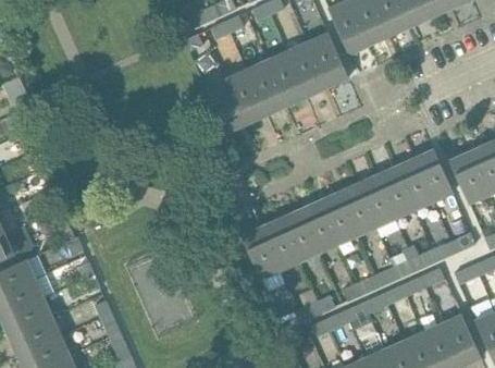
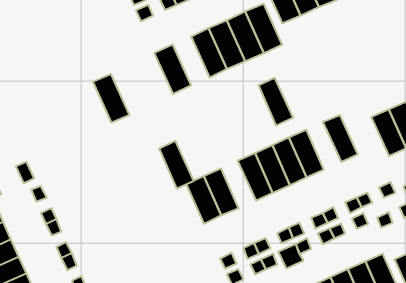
building: [225,70,267,124] -> [93,74,130,122]
building: [413,148,453,201] -> none
building: [375,165,414,219] -> [258,78,293,125]
building: [280,209,319,262] -> [159,141,194,188]

